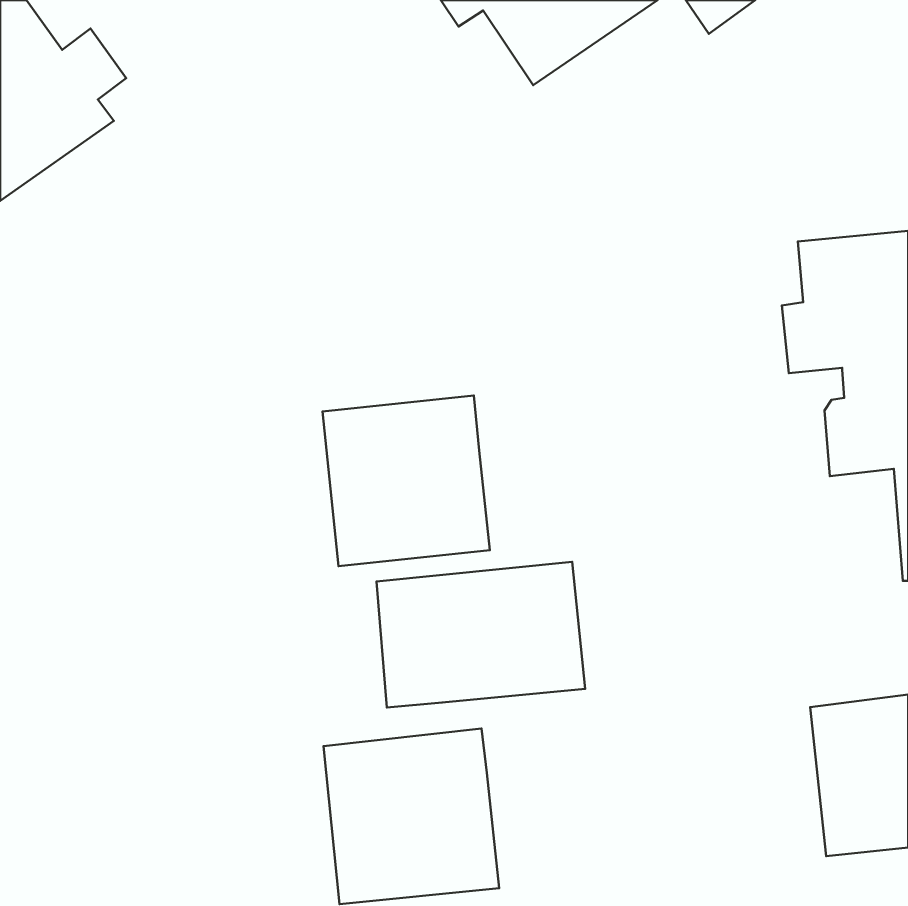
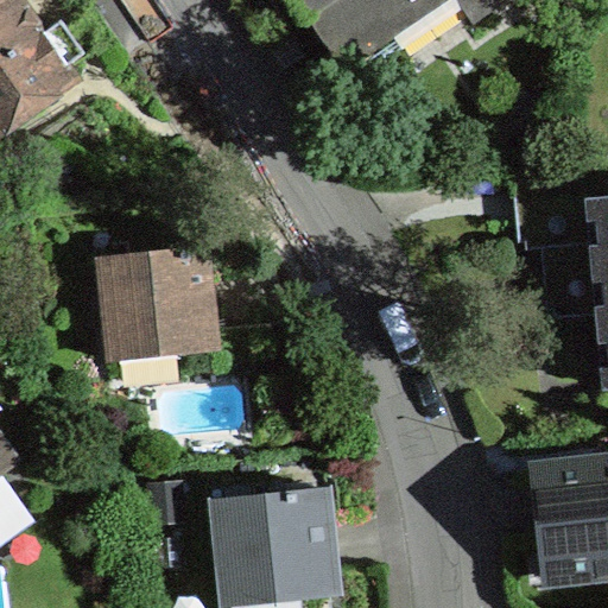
building: [323,396,490,566] -> [101,247,213,361]
building: [376,562,585,708] -> none

